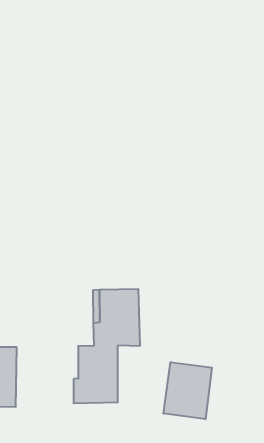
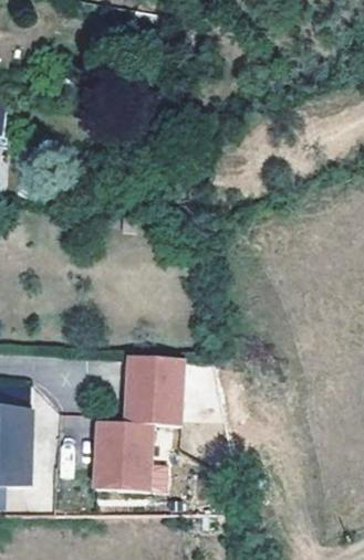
building: [163,362,212,419] -> none

